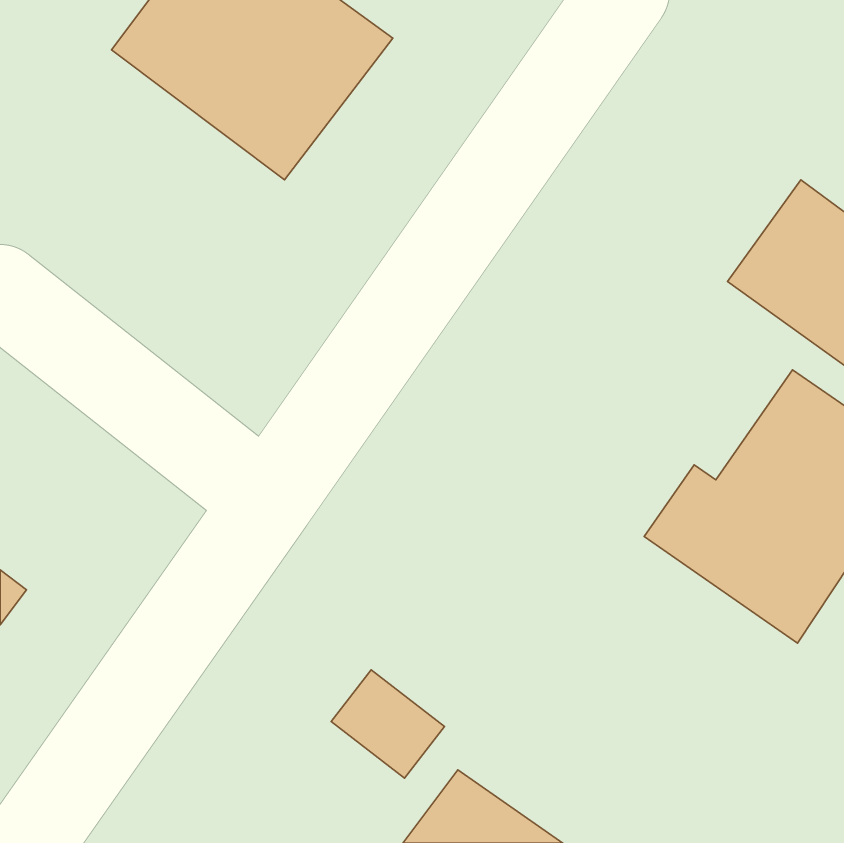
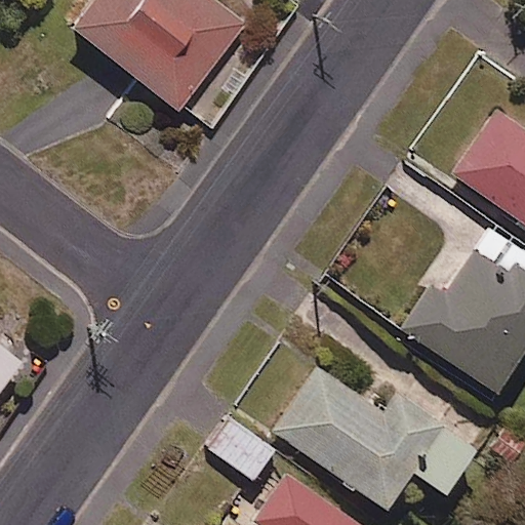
building: none -> [275,369,477,513]

